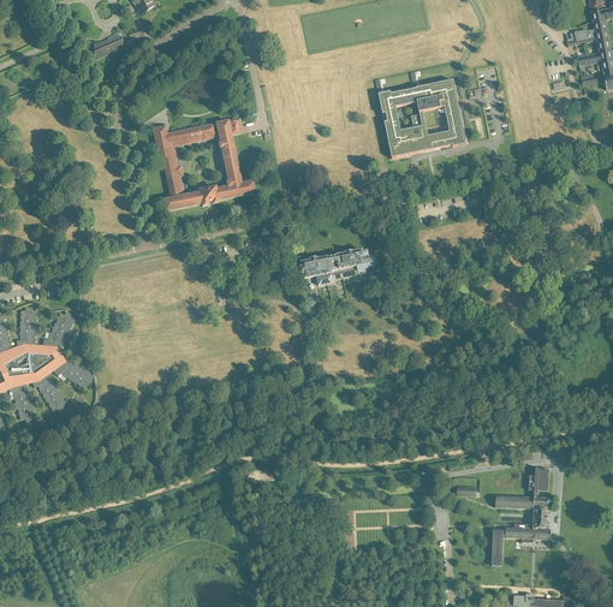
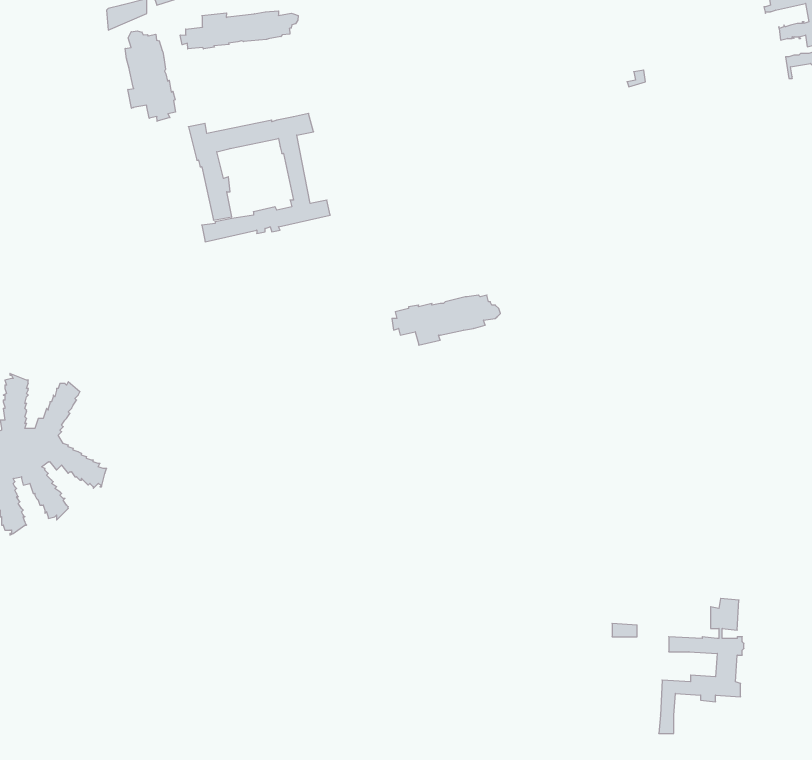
building: none -> [180,11,298,49]
building: none -> [125,31,175,121]
building: [377,81,466,159] -> none

